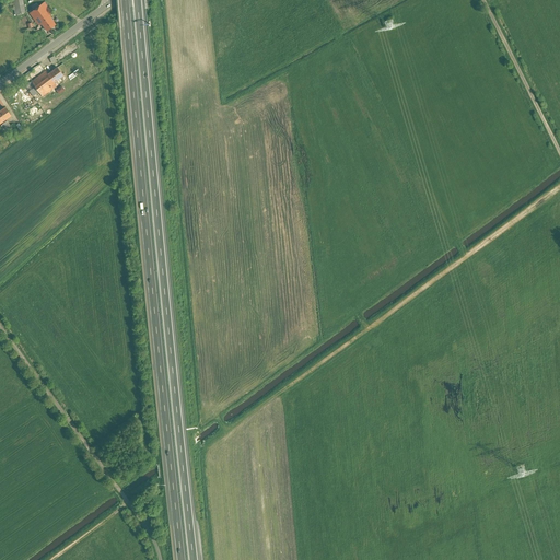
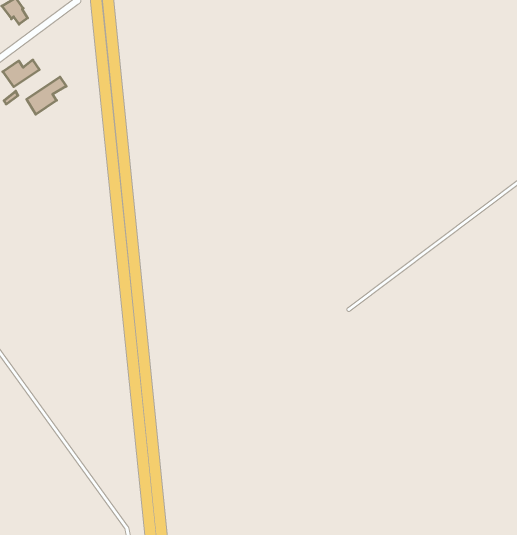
building: none -> [27,77,66,114]

